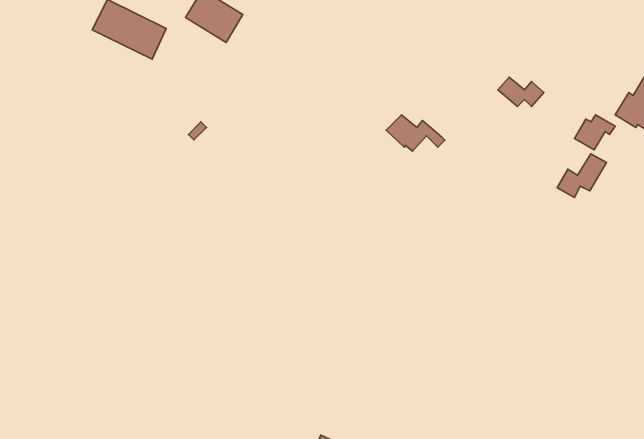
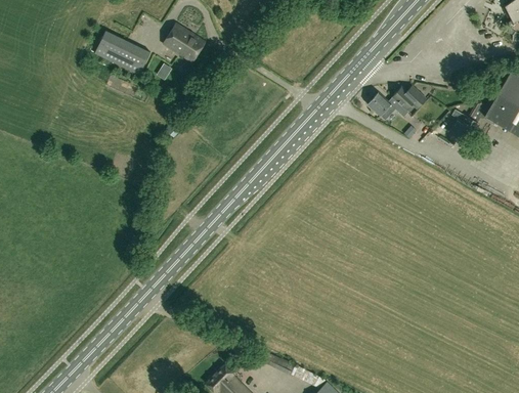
building: [386,115,445,151] -> [366,93,409,120]
building: [557,154,606,198] -> none

